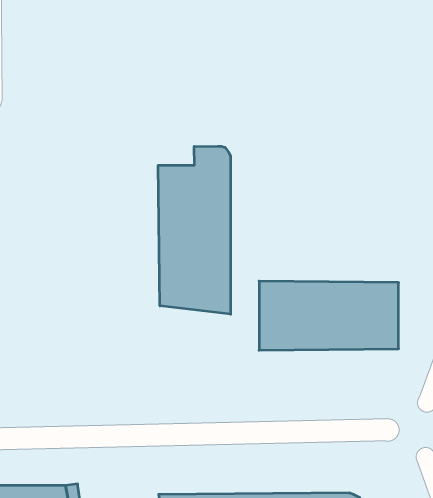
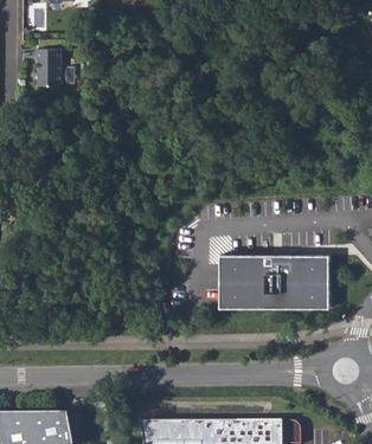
building: none -> [36,49,63,81]
building: [158,146,231,314] -> none

